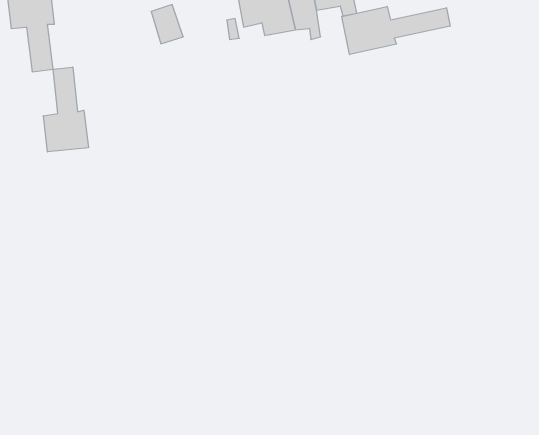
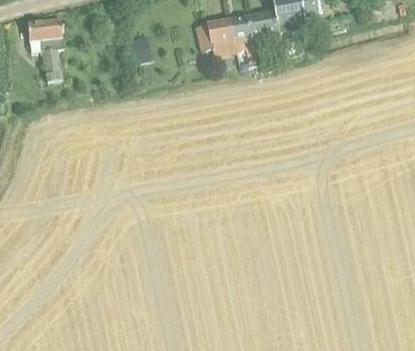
building: [342,6,450,55] -> none
building: [43,67,88,152] -> none

